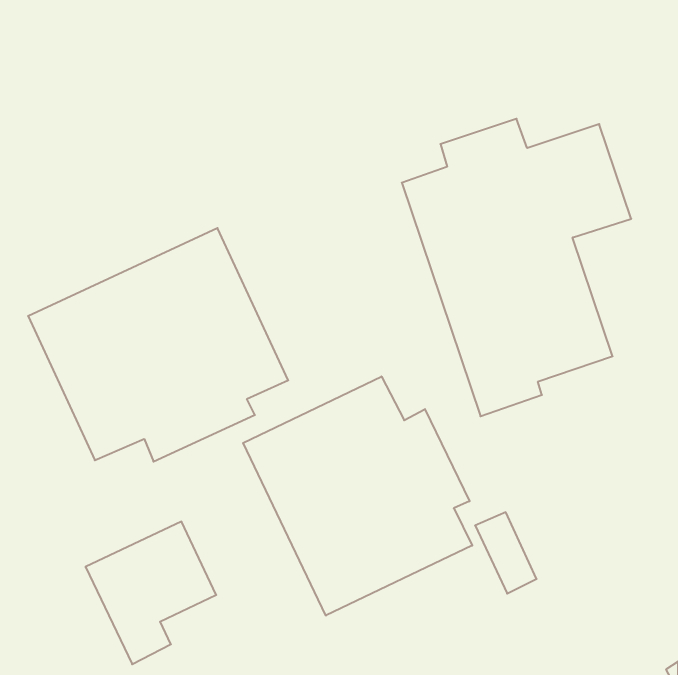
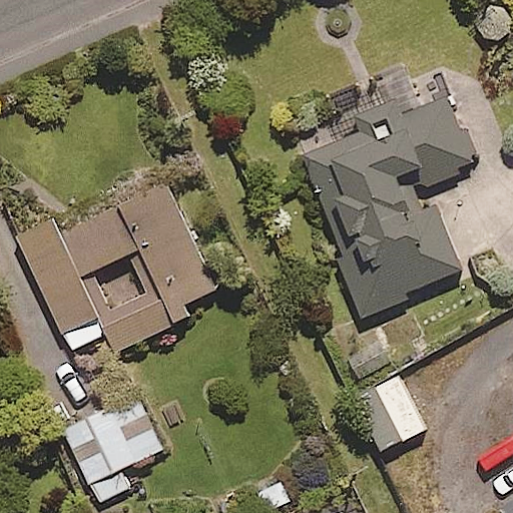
building: [243,376,472,616] -> none

